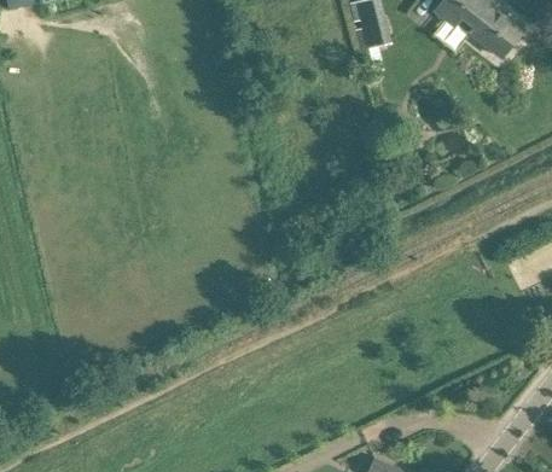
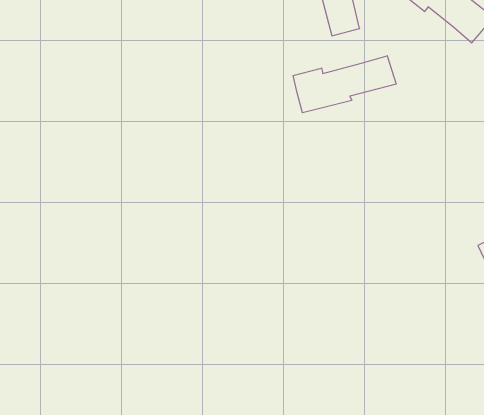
building: none -> [293,56,396,113]

